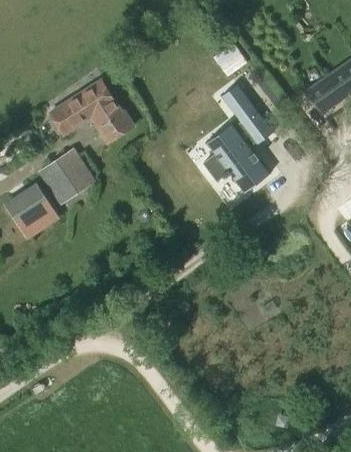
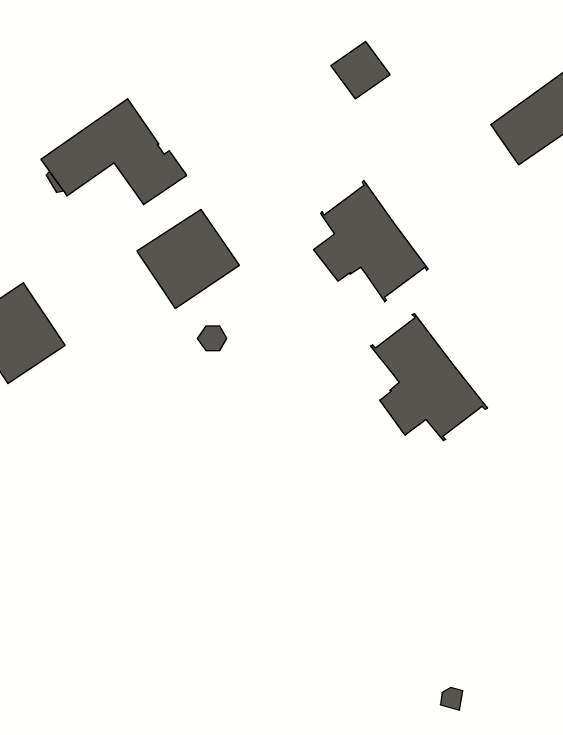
building: [222,84,274,144] -> none
building: [38,148,97,205] -> [137,209,239,308]
building: none -> [370,314,487,441]

